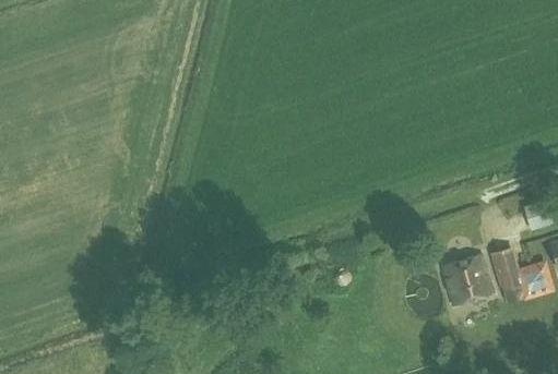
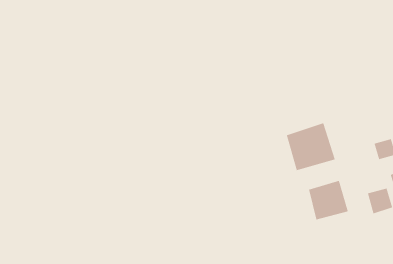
building: none -> [286,122,336,171]
building: [487,246,520,291] -> none

